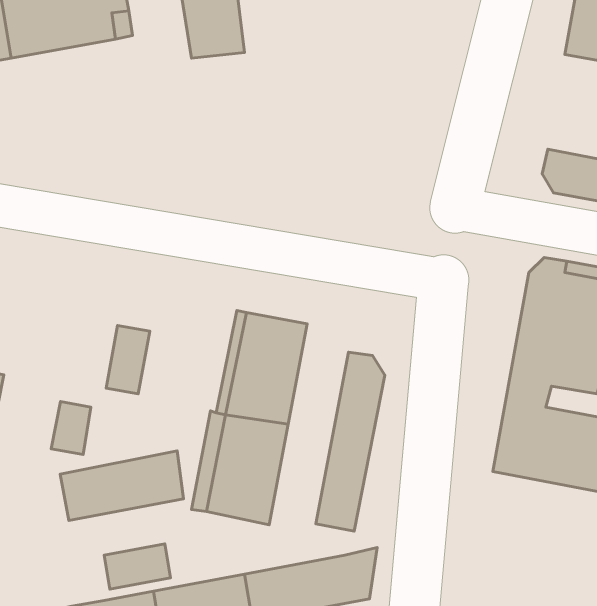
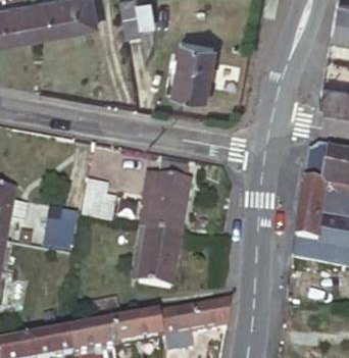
building: none -> [171,36,214,97]
building: [316,352,385,531] -> none
building: [60,451,184,520] -> none

